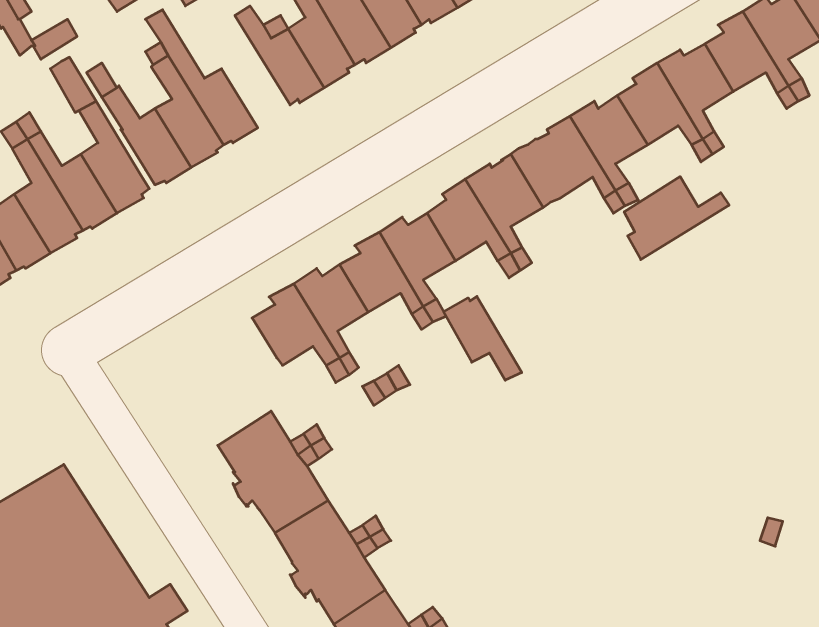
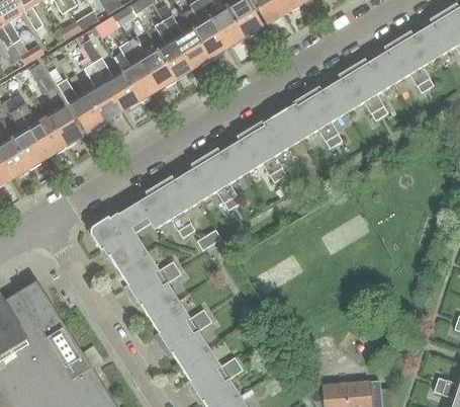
building: none -> [118,42,157,101]
building: [624,177,729,260] -> none
building: [444,296,522,380] -> none
building: none -> [89,202,150,270]

